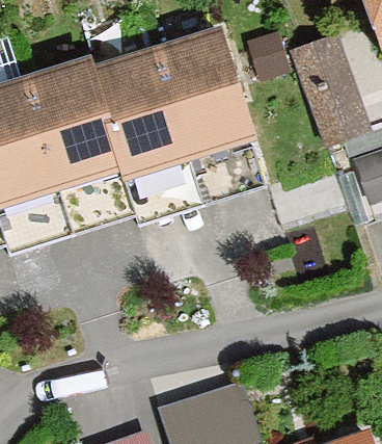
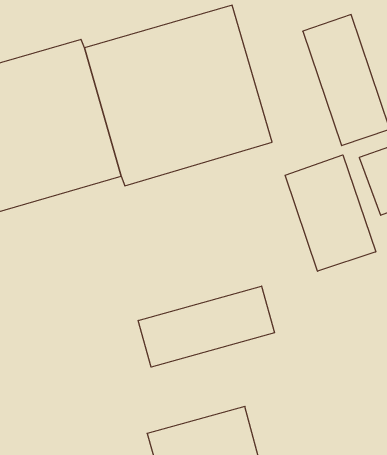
building: none -> [285,155,376,271]
building: none -> [138,286,274,367]

